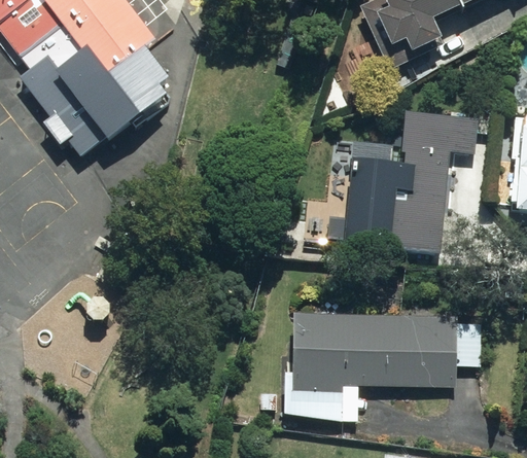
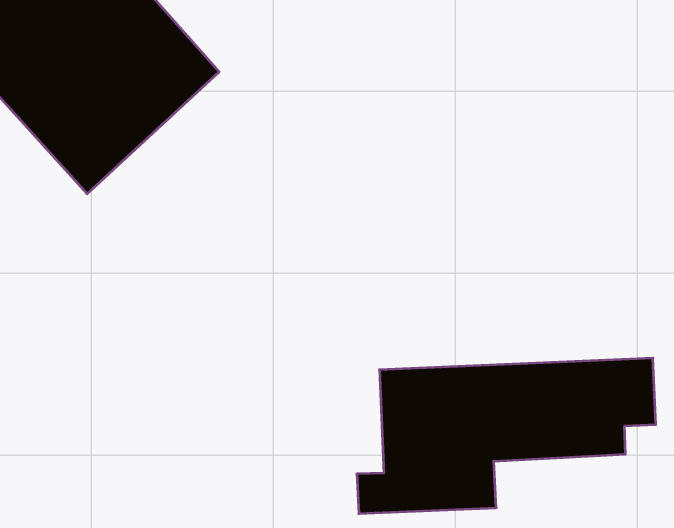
building: [324,111,480,253] -> none

